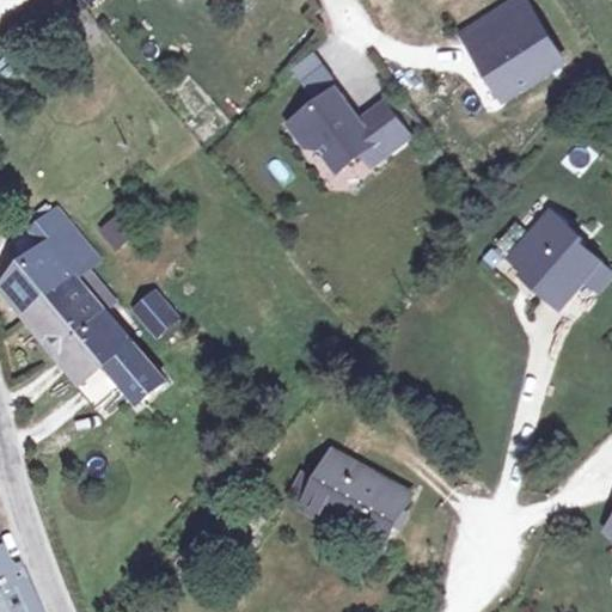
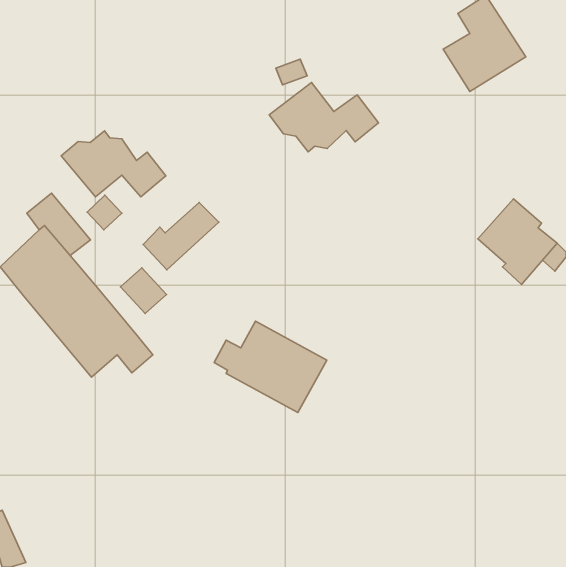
building: none -> [61,131,166,197]
building: none -> [143,202,219,270]
building: [288,451,409,549] -> [214,321,327,413]

